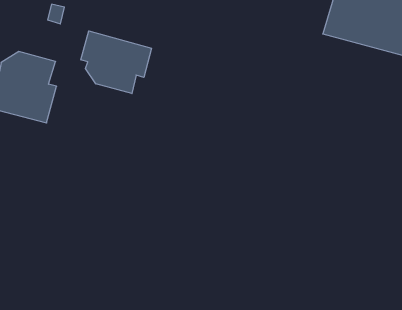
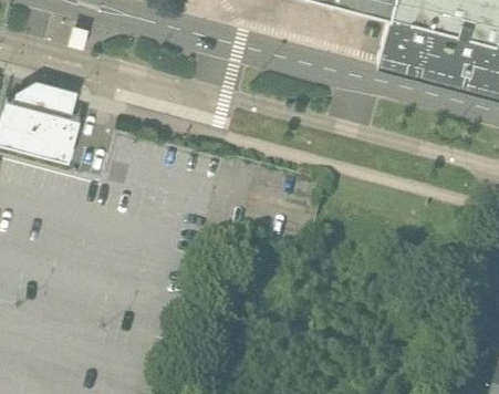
building: [81,31,152,94] -> none

